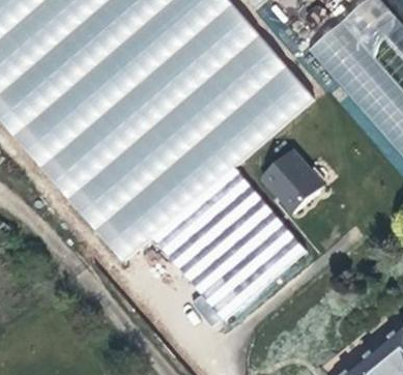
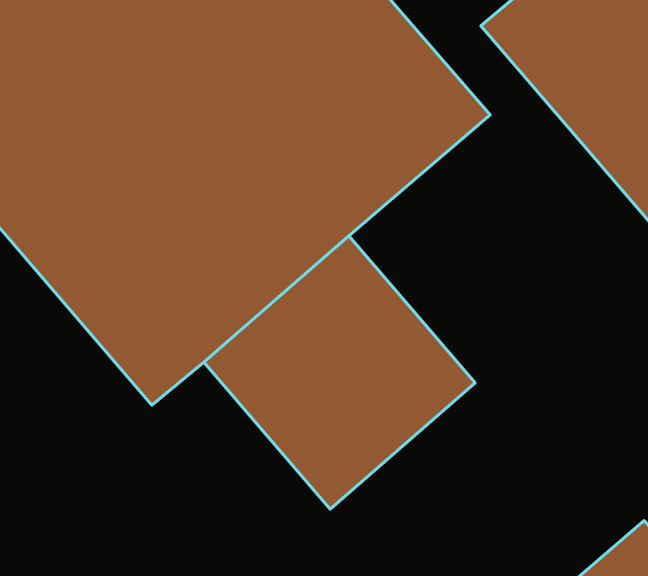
building: [256,143,326,212] -> none

